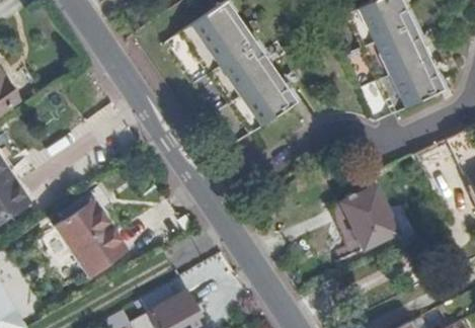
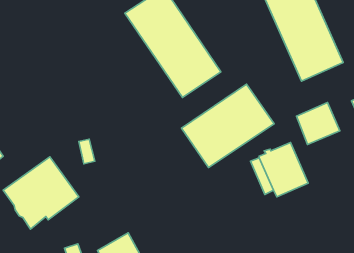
building: none -> [181,84,274,168]
building: none -> [297,103,340,144]

